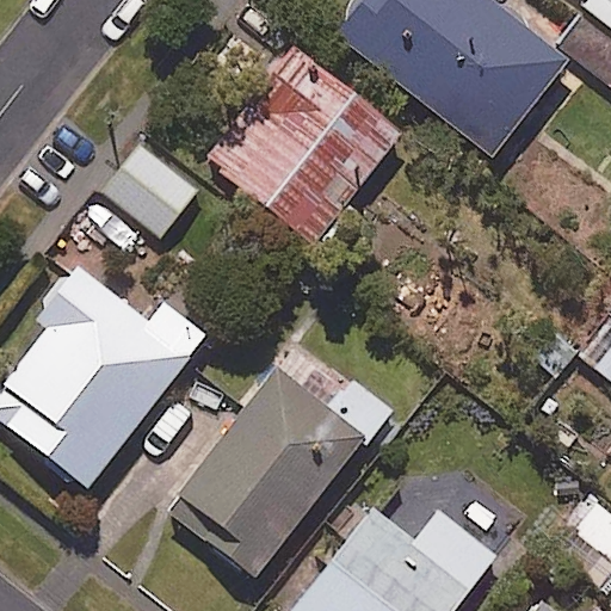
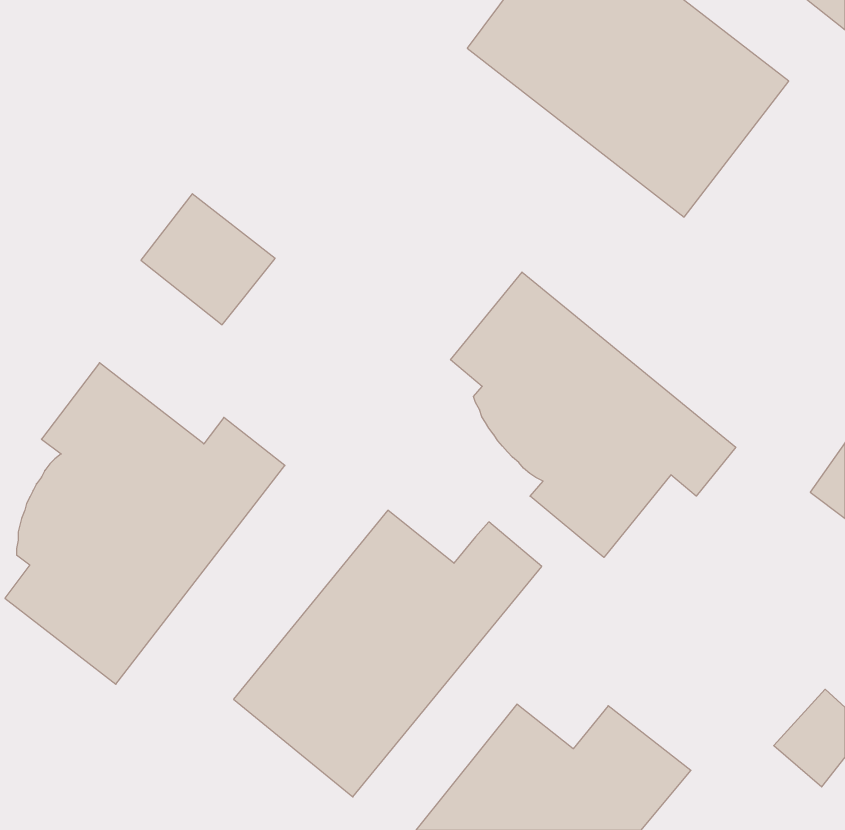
building: [203,50,400,247] -> none
building: none -> [451,272,736,557]

